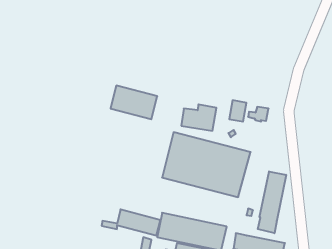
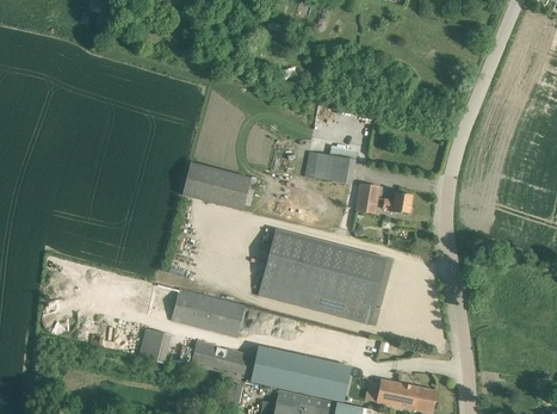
building: [181,104,216,131] -> [305,146,357,184]
building: [258,171,286,233] -> none
building: none -> [172,289,246,338]
building: none -> [141,329,172,363]

